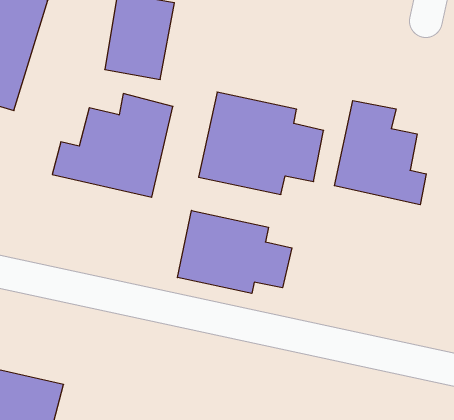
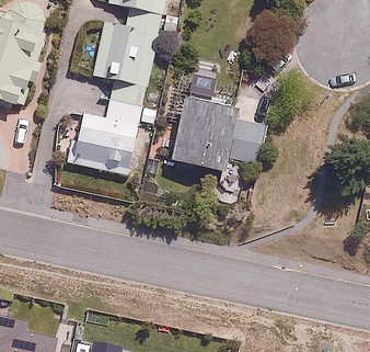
building: [334,101,426,205] -> none
building: [177,210,292,293] -> none

